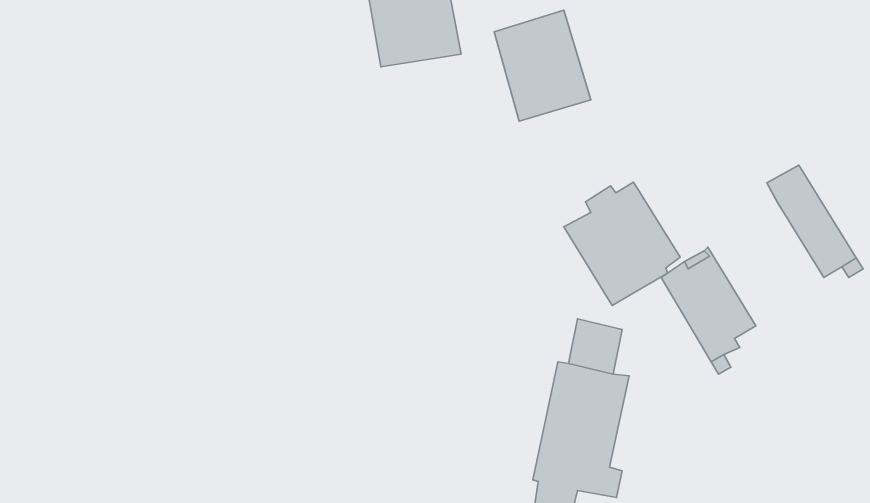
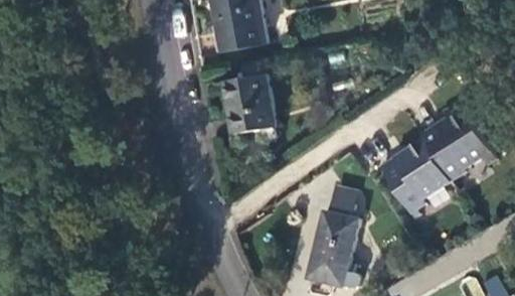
building: [494,10,591,121] -> [228,69,283,132]
building: [564,182,680,305] -> [405,123,471,192]

